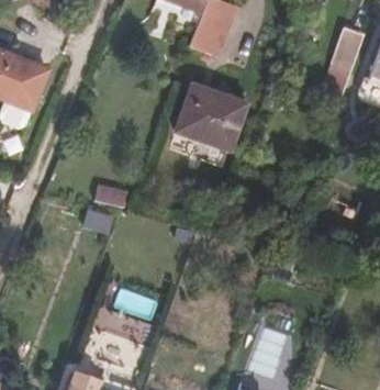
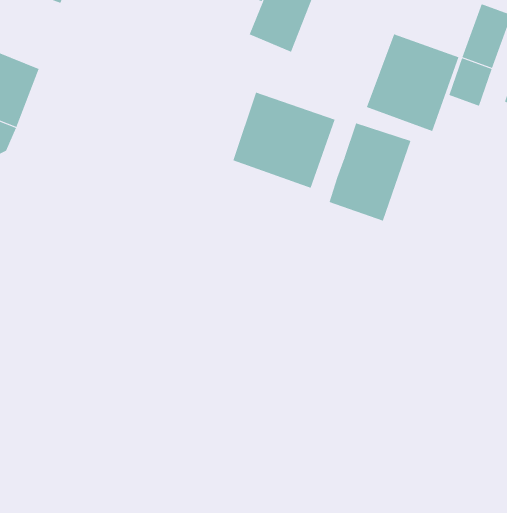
building: none -> [366,34,459,132]
building: none -> [329,123,411,221]

